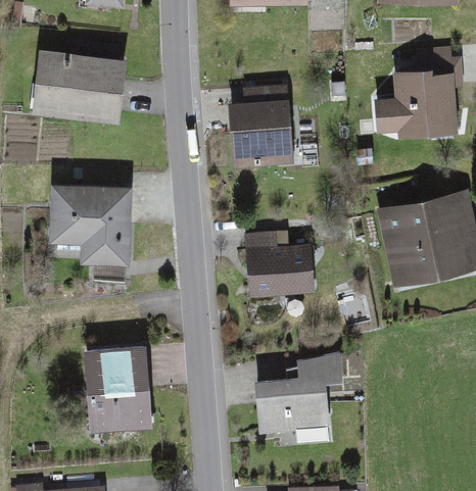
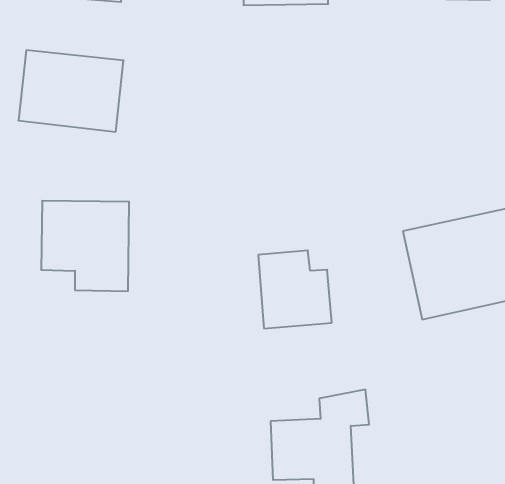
building: [378,47,462,140] -> none
building: [232,85,294,166] -> none
building: [85,346,154,434] -> none

